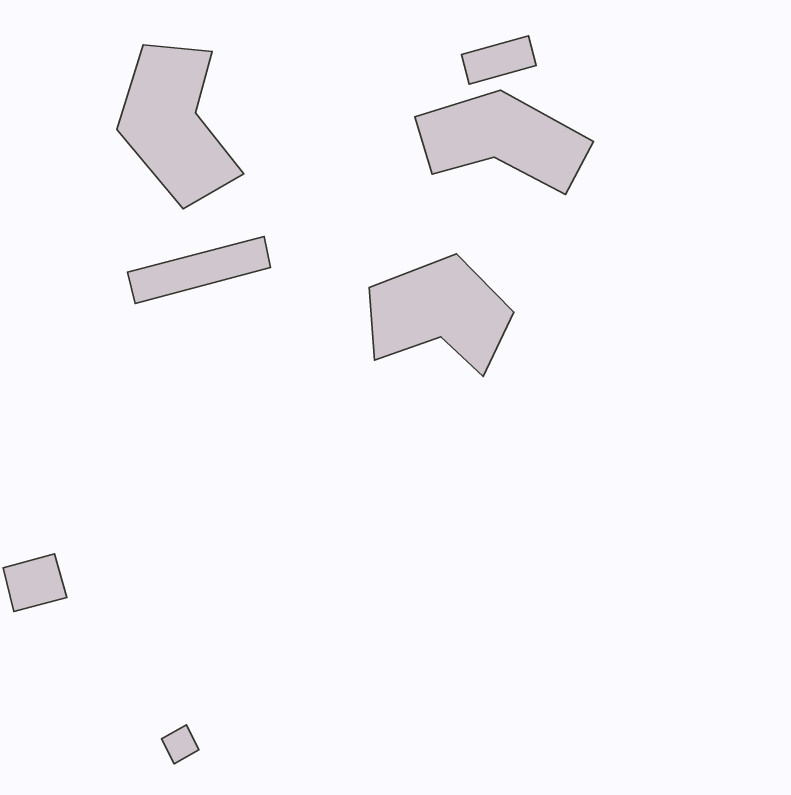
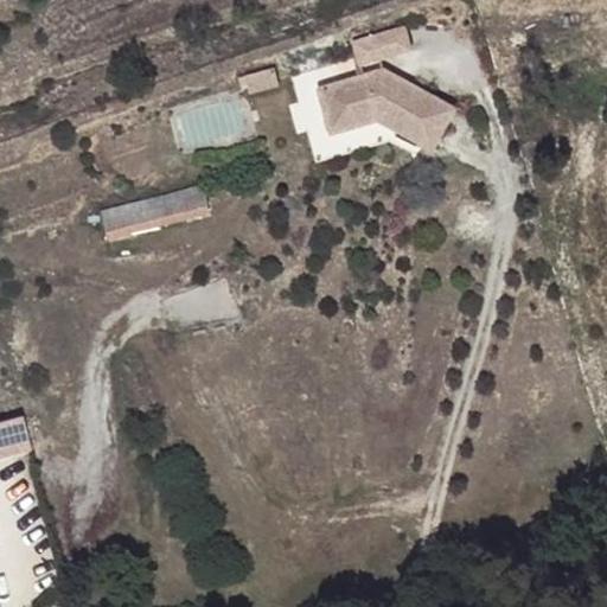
building: [117,45,244,209] -> none
building: [369,254,514,377] -> none

